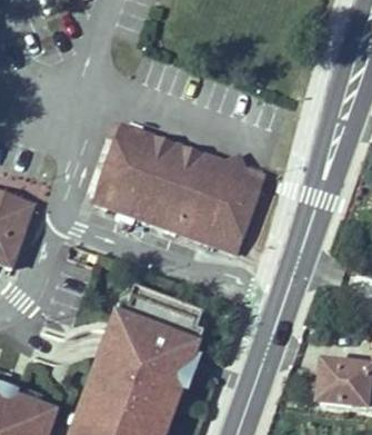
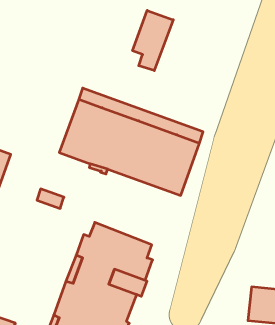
building: none -> [133,10,173,71]

